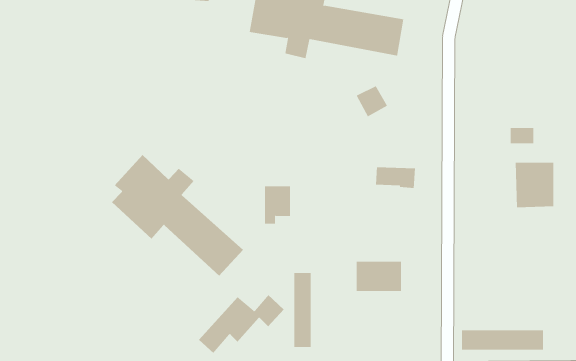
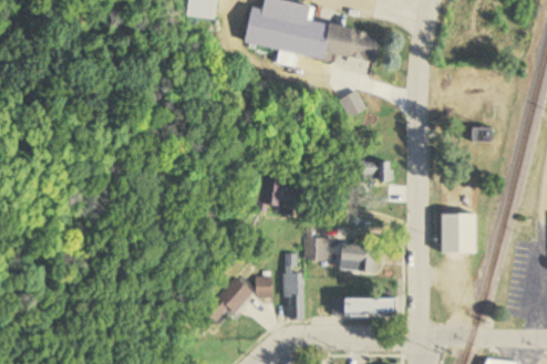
building: [111,154,244,276] -> none
building: [515,162,554,208] -> [437,210,472,250]
building: none -> [302,228,329,260]
building: [461,330,544,350] -> [330,298,402,315]

